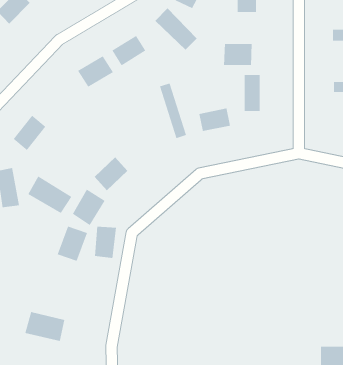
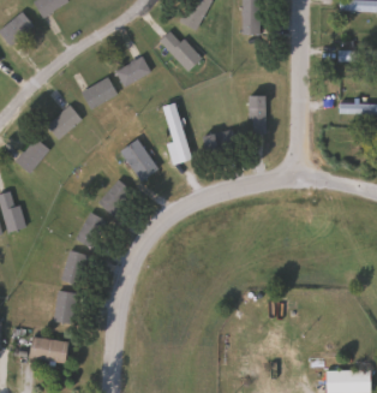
building: [224,43,252,66] -> none
building: none -> [46,106,82,141]
building: none -> [120,139,158,181]
building: [28,176,72,214] -> none
building: [94,226,117,258] -> [54,291,77,323]

